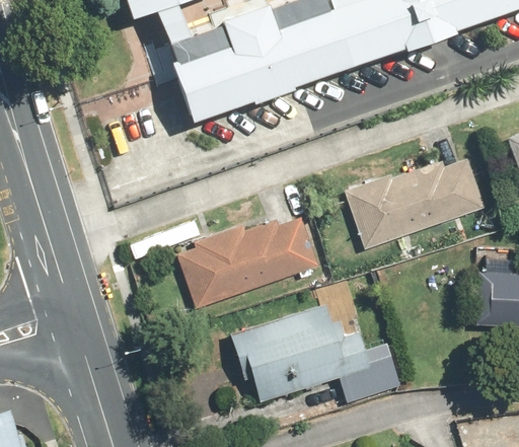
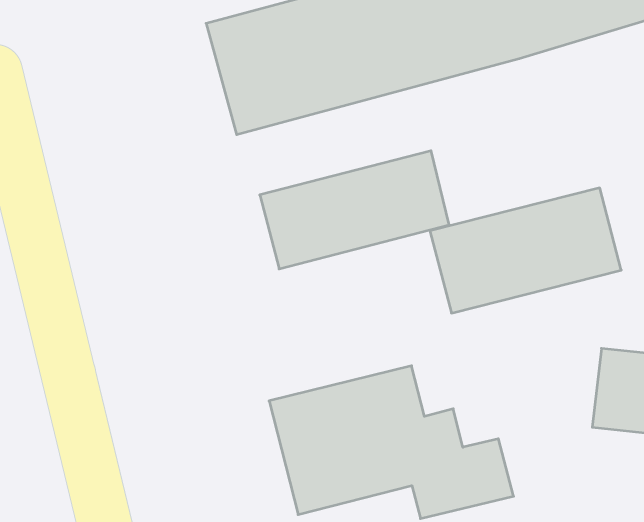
building: [178,208,322,304] -> [260,151,449,269]

